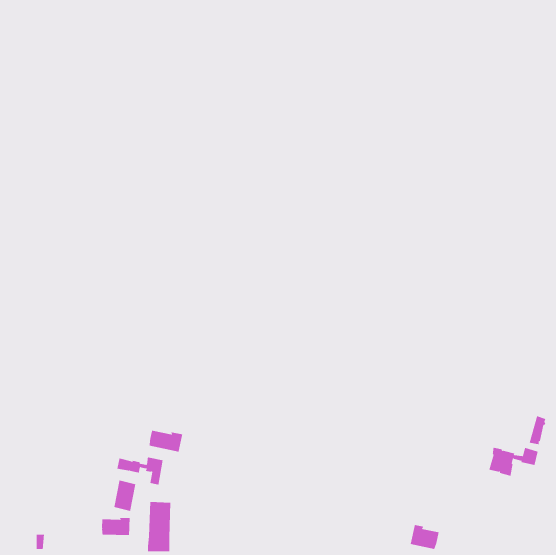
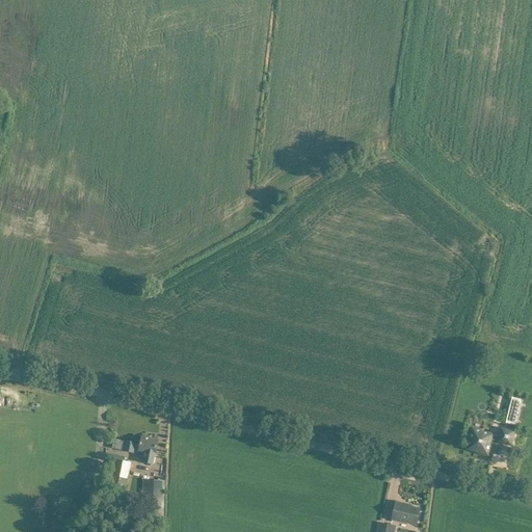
building: [149,430,183,452] -> none
building: [102,517,130,536] -> none

